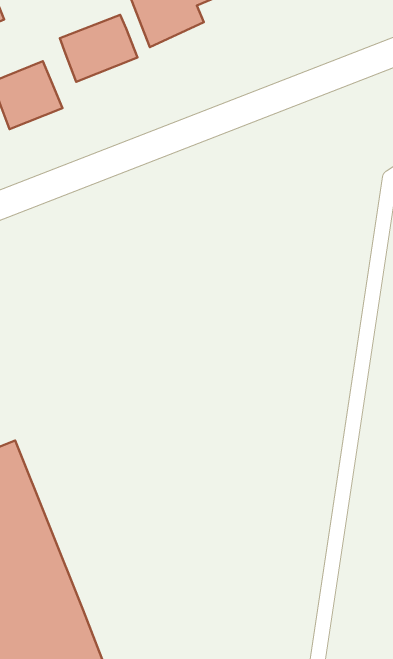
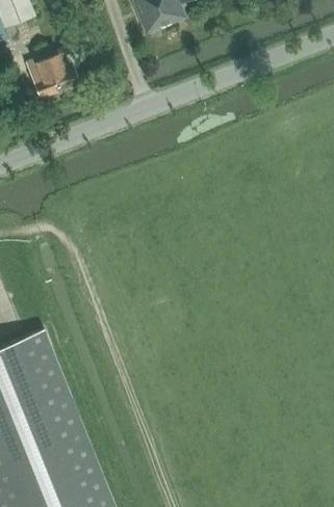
building: [60,15,138,82] -> none

